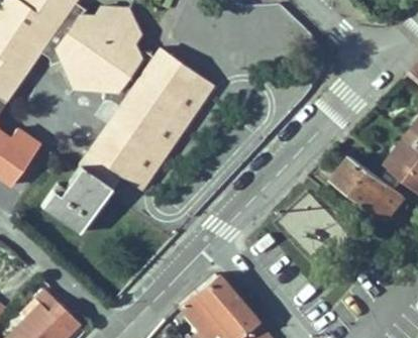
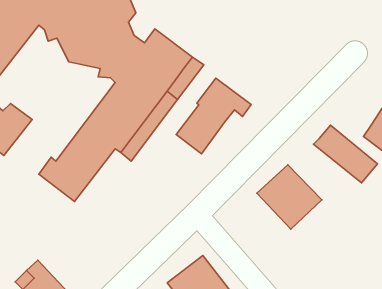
building: none -> [176,78,251,154]

